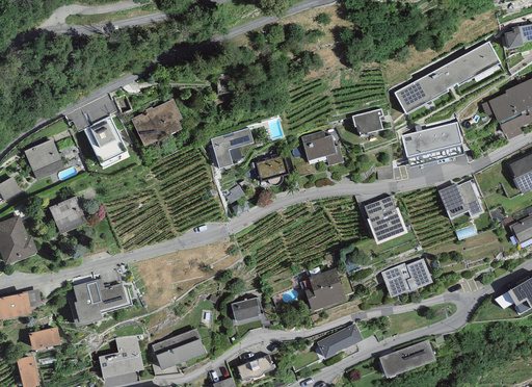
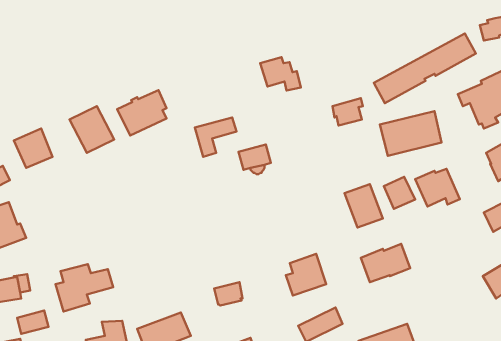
building: [301,131,343,165] -> [260,57,301,91]
building: none -> [384,177,415,209]
building: [49,197,87,234] -> none

